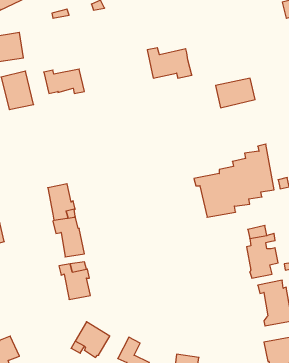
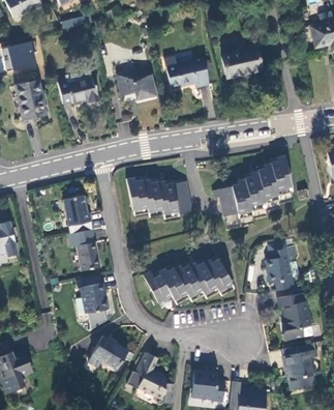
building: none -> [116,70,157,102]
building: [216,78,255,108] -> [221,48,262,78]
building: none -> [125,176,190,212]
building: none -> [143,257,230,302]

